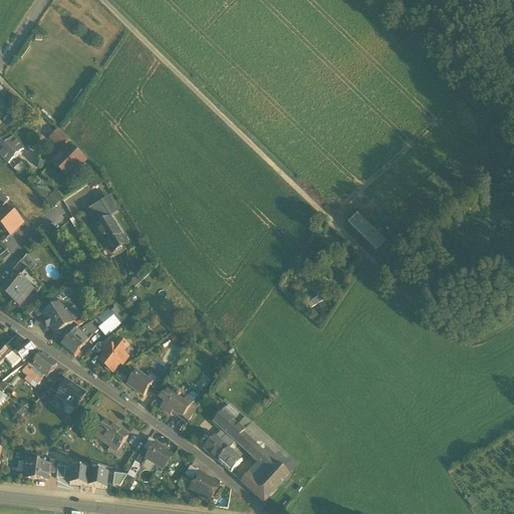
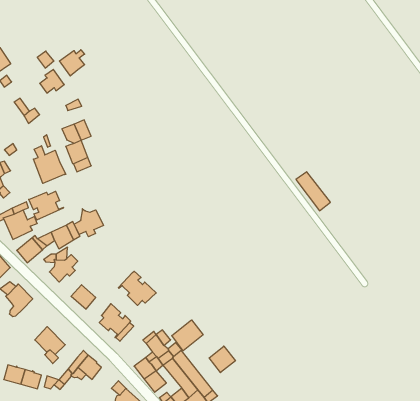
building: none -> [59,50,85,76]
building: none -> [33,146,66,183]
building: none -> [29,191,63,220]
building: none -> [74,209,103,237]
building: none -> [119,271,156,305]
building: none -> [172,320,203,351]
building: none -> [209,346,235,373]

